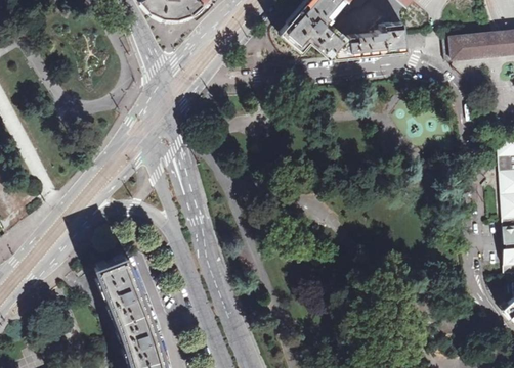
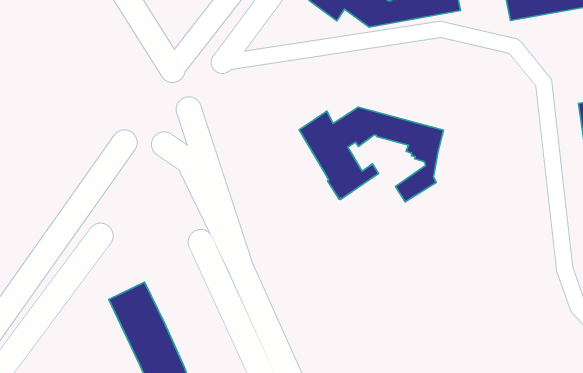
building: none -> [299,107,444,202]

